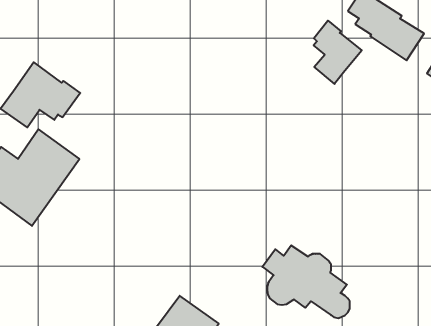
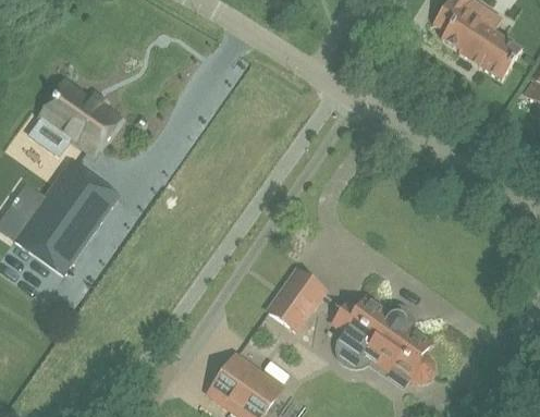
building: [314,21,362,84] -> none
building: none -> [267,269,324,331]

